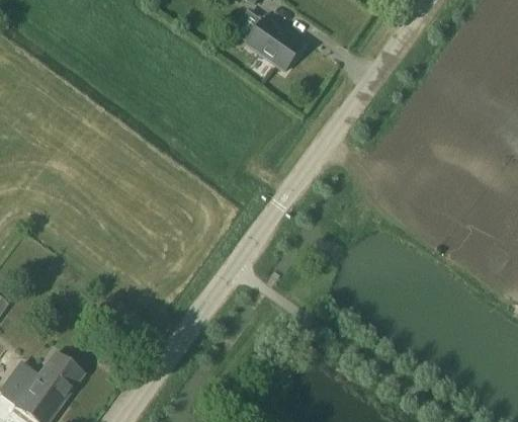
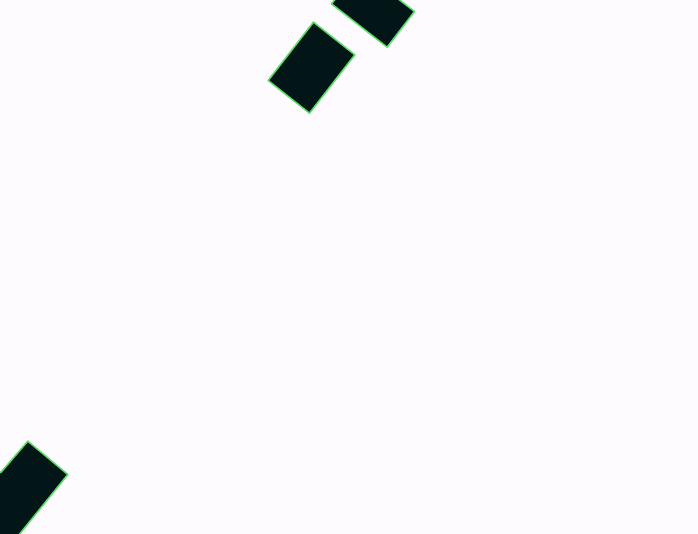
building: none -> [268,22,355,113]

